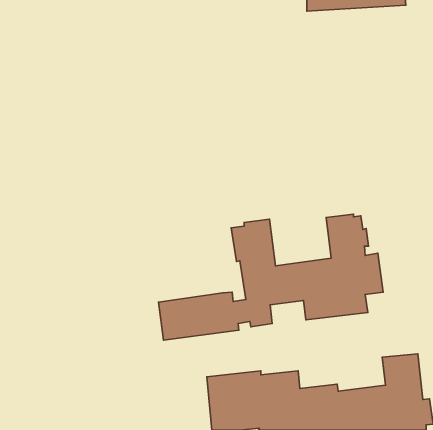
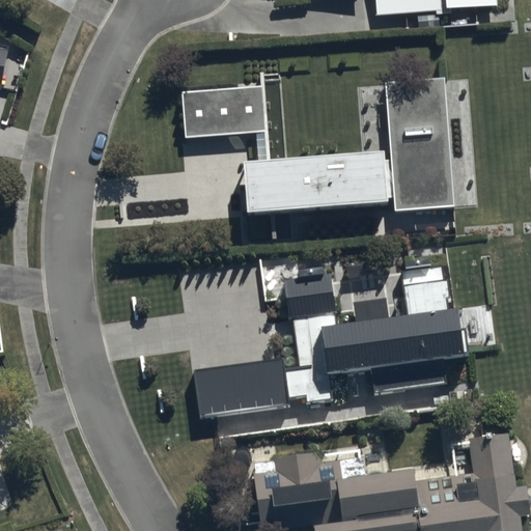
building: none -> [180,80,388,212]
building: none -> [386,81,454,211]

